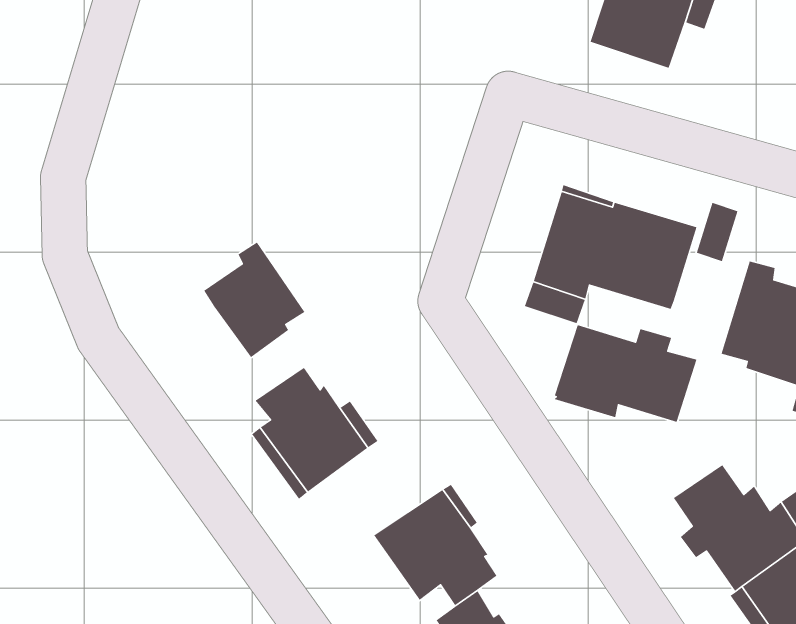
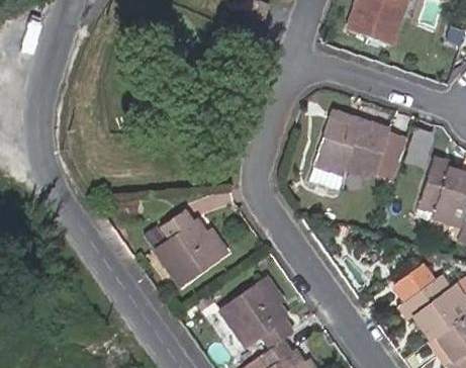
building: [203,242,306,358] -> none
building: [553,324,698,423] -> none

